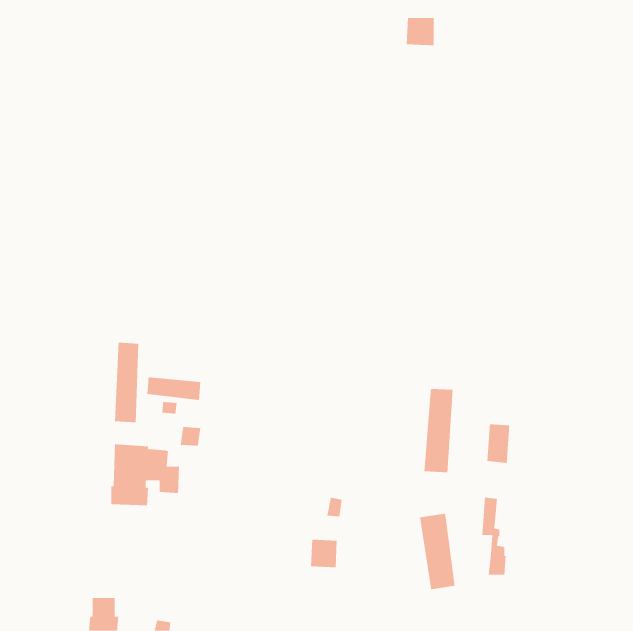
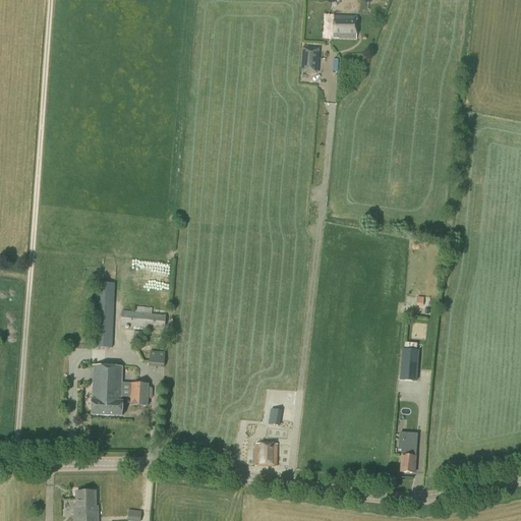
building: none -> [301,46,320,72]
building: [424,388,453,473] -> none
building: [419,513,455,590] -> none

